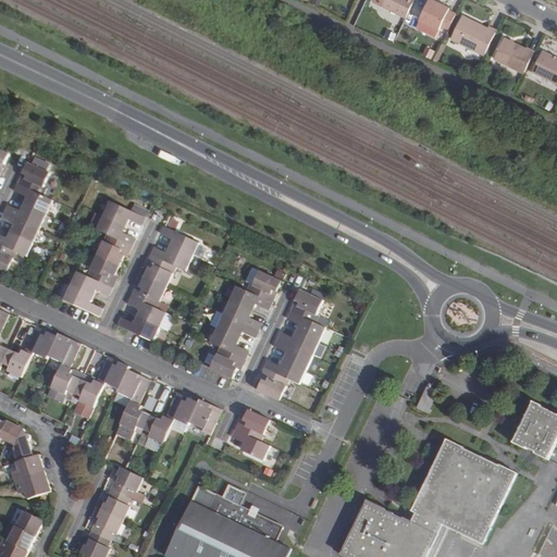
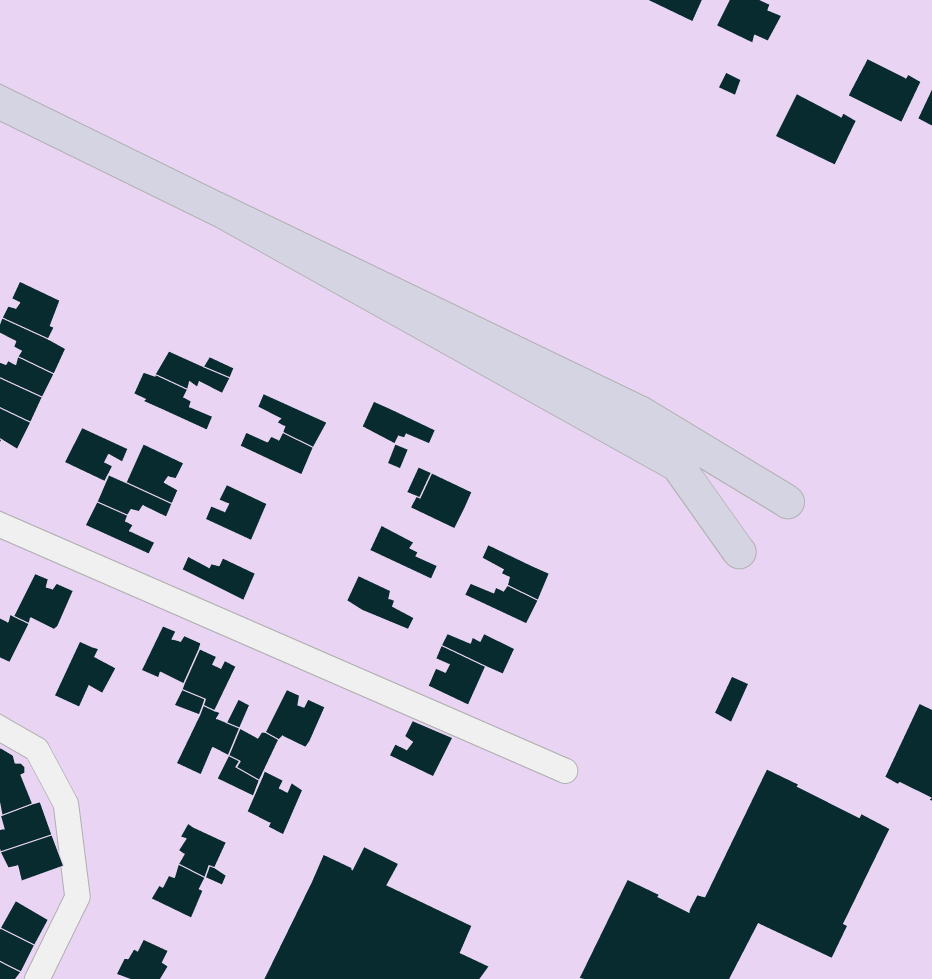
building: [448,15,494,55] -> [775,94,856,165]
building: [95,235,131,265] -> [64,427,128,482]
building: [141,256,174,288] -> none
building: [228,286,270,310] -> [362,401,435,444]
building: [288,290,320,323] -> none
building: [126,297,164,327] -> none
building: [215,314,257,338] -> none
building: [47,334,78,369] -> none
building: [272,339,310,370] -> none
building: [208,348,244,380] -> none
building: [72,381,103,408] -> none
building: [188,399,220,435] -> [247,771,303,835]
building: [230,430,268,461] -> none
building: [95,510,122,544] -> none

